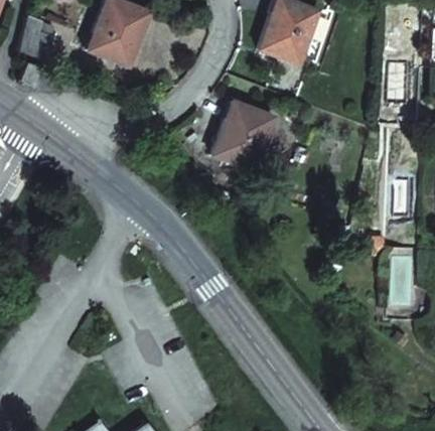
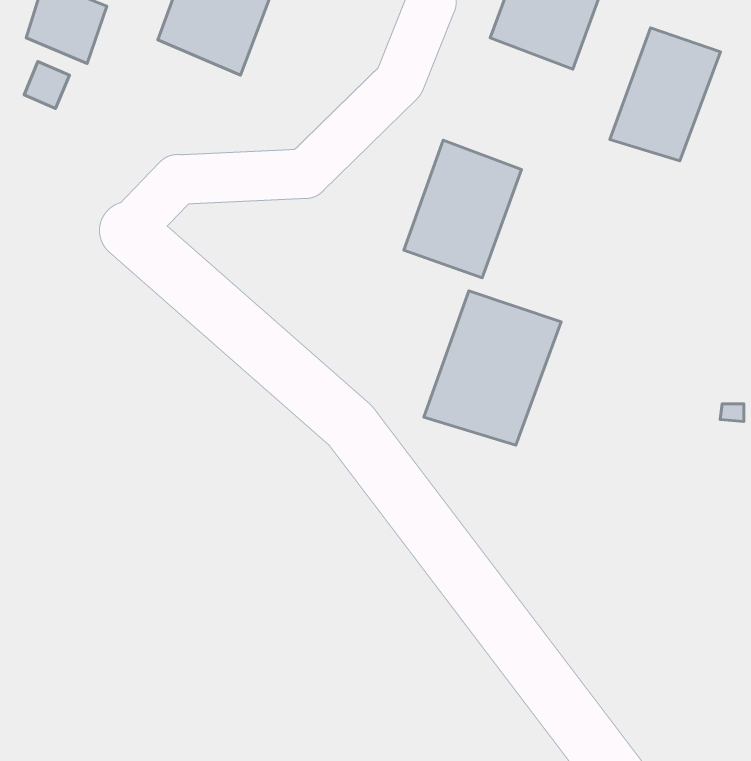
building: none -> [610,28,720,161]
building: none -> [424,291,561,445]

